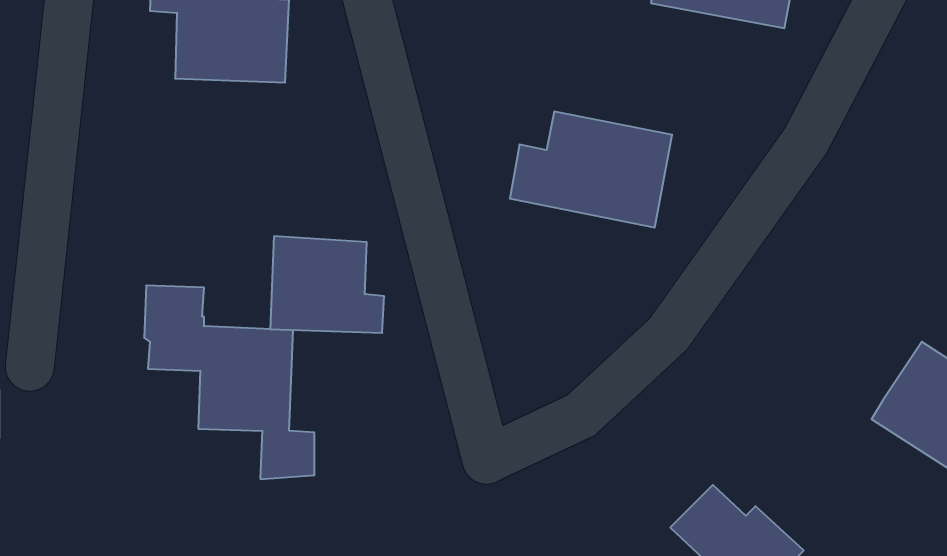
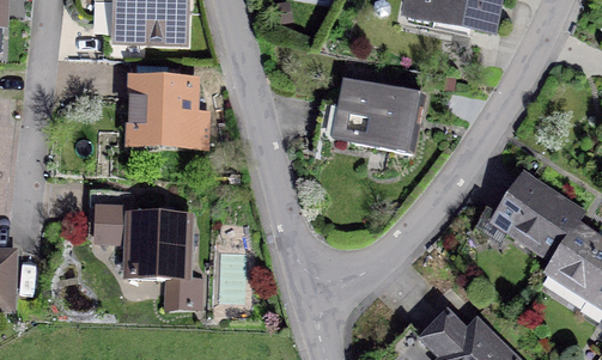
building: [270,236,384,333] -> [133,79,203,139]
building: none -> [475,172,583,257]

